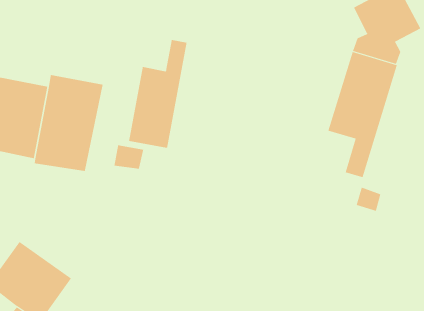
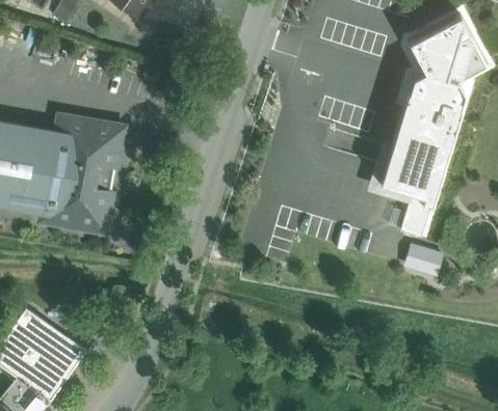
building: [129,39,187,148] -> none
building: [114,144,144,169] -> none

